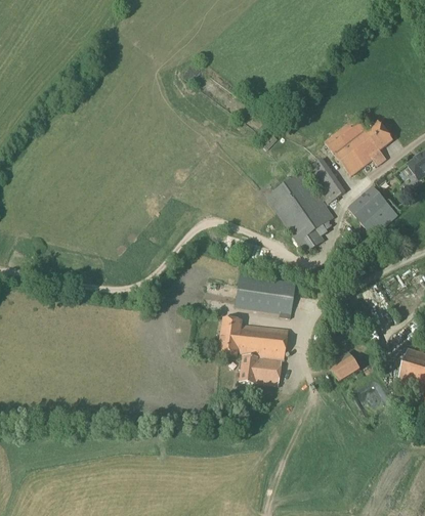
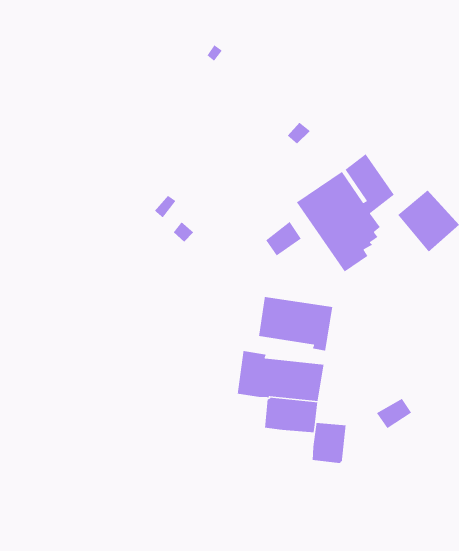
building: [324,117,392,175] -> none
building: none -> [265,221,302,257]
building: none -> [312,422,346,464]

